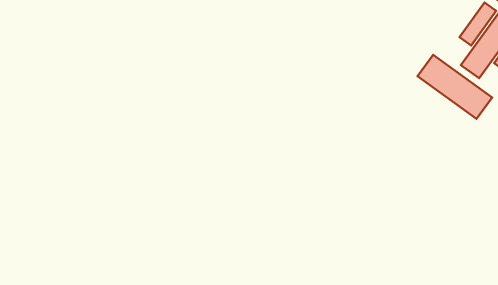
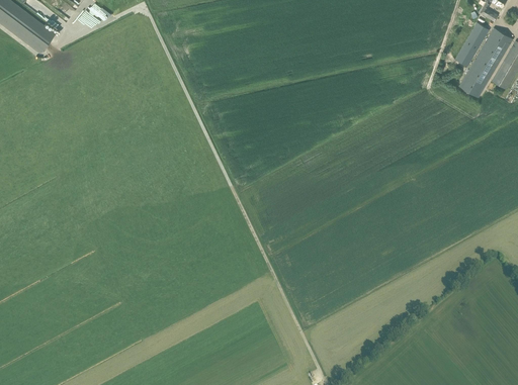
building: [418,55,492,119] -> none

